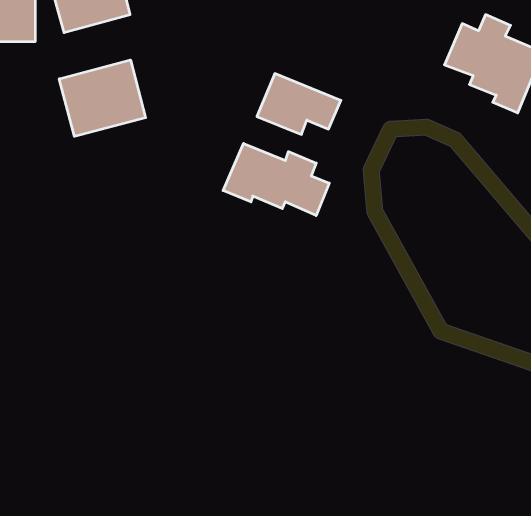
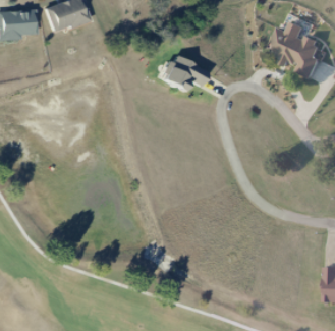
building: [59,60,146,136] -> none
building: [223,143,329,216] -> none

